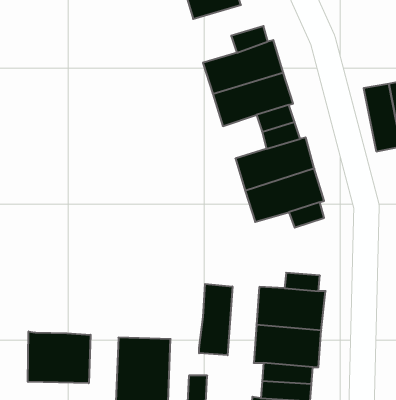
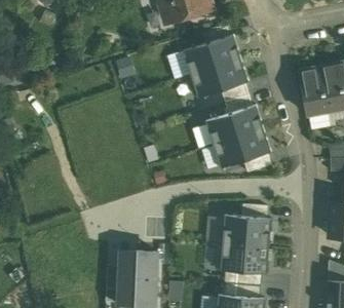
building: [199,284,232,355] -> none
building: [28,331,91,383] -> none

